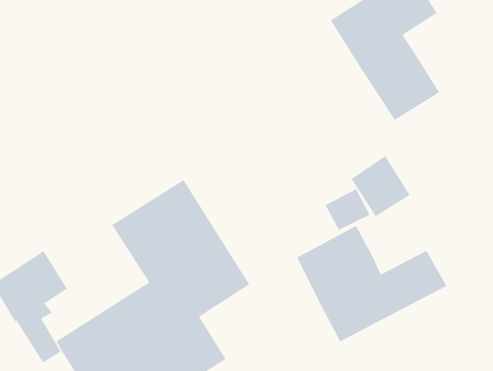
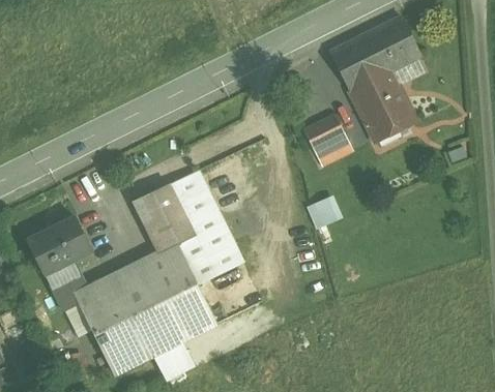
building: [350,155,411,217] -> [304,113,353,163]
building: [296,225,448,342] -> none

